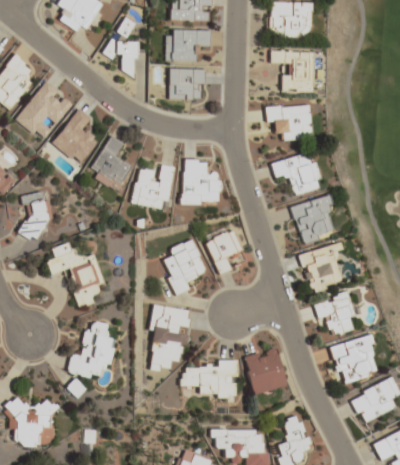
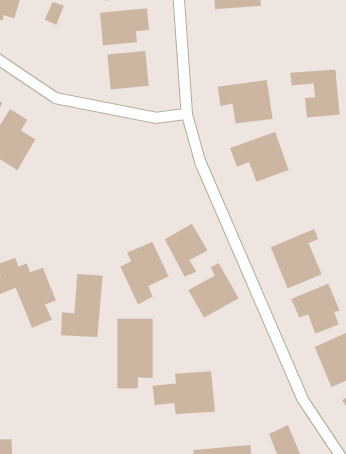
building: [105,40,135,75] -> none
building: [270,50,312,92] -> [289,69,340,118]
building: [93,135,131,191] -> none
building: [181,159,220,205] -> none
building: [131,164,174,209] -> none
building: [291,195,334,244] -> none
building: none -> [188,262,239,319]
building: [68,320,112,379] -> [60,273,104,337]
building: [243,348,286,394] -> none

